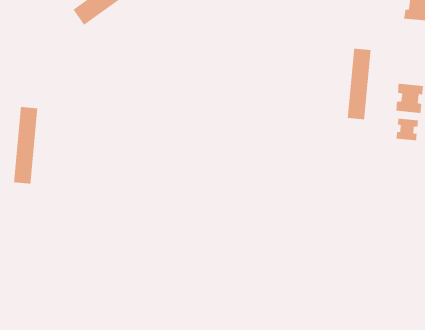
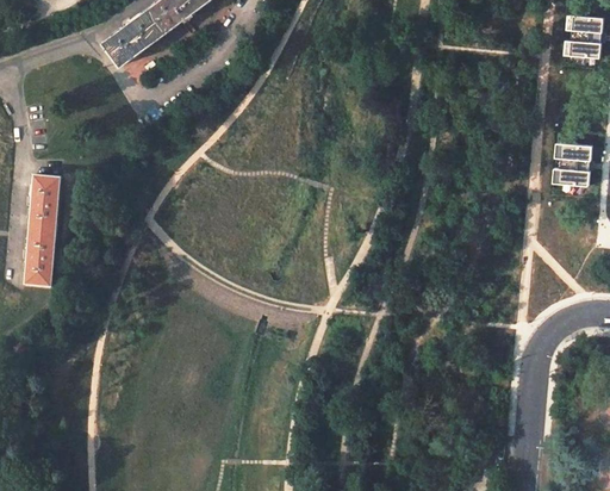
building: [347,48,372,120] -> none
building: [396,118,419,141] -> none

